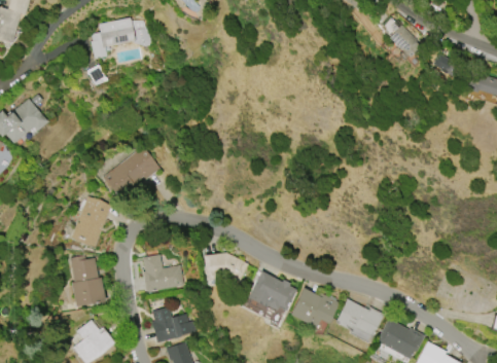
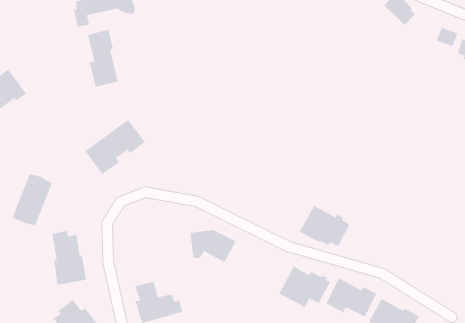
building: none -> [88,29,119,87]
building: [72,196,111,247] -> [12,174,53,226]
building: [143,255,184,293] -> none
building: [247,271,296,312] -> [299,205,350,247]

